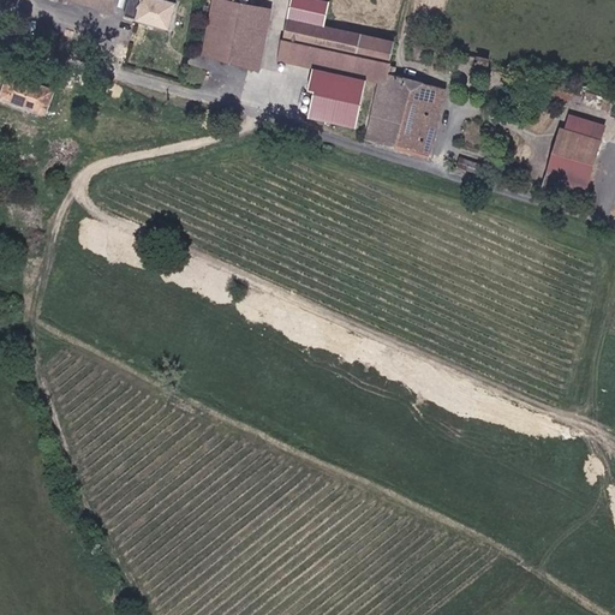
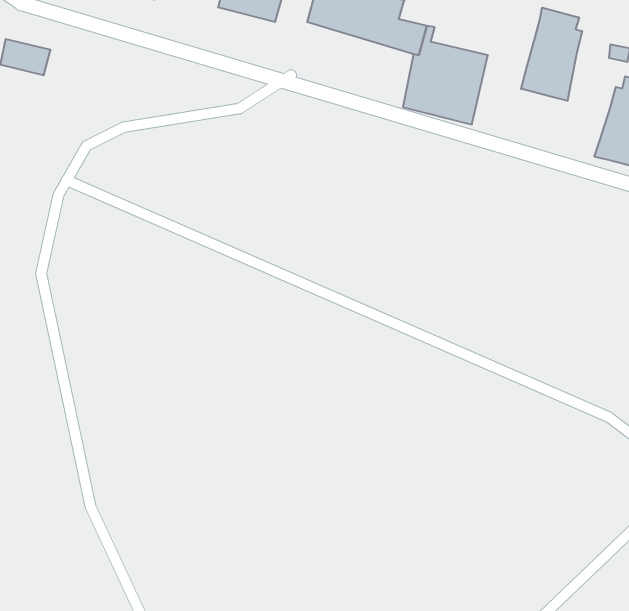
building: none -> [521,8,582,101]
building: [300,84,356,121] -> none

